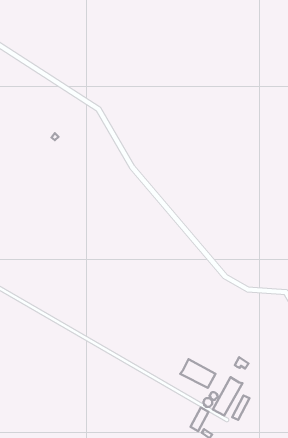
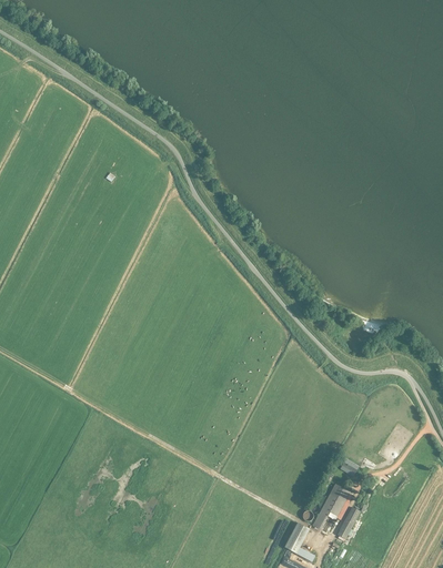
building: [180,359,215,388] -> none

